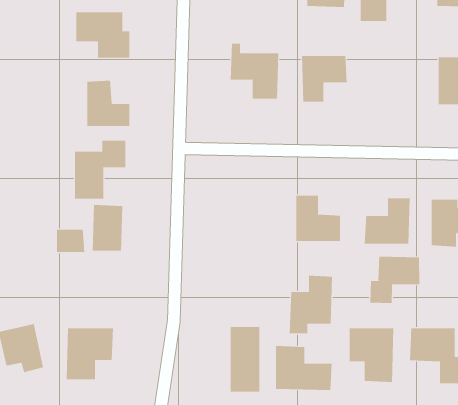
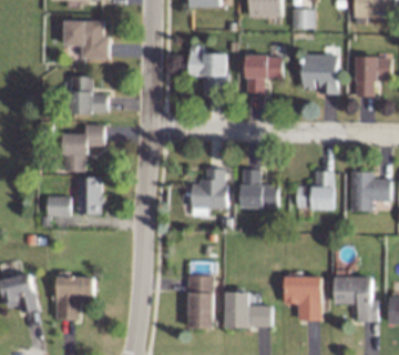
building: none -> [301,53,338,94]
building: [370,256,420,304] -> none
building: [289,275,333,334] -> [191,168,226,215]

